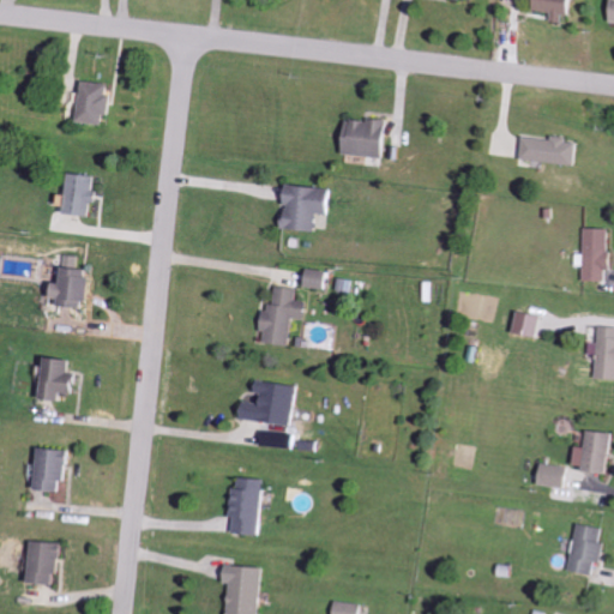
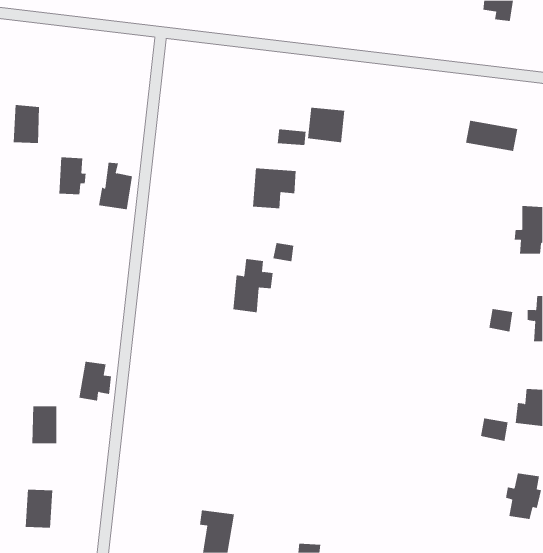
building: [76,82,106,125] -> [13,105,40,143]
building: none -> [277,129,306,146]
building: [50,255,89,308] -> [98,162,133,210]
building: [510,312,537,338] -> [488,309,513,332]
building: [38,357,76,402] -> [78,361,112,401]
building: [239,381,293,426] -> none
building: [228,478,259,535] -> none

